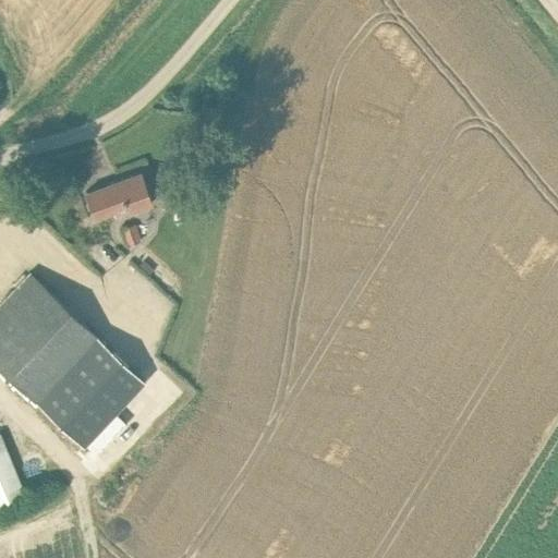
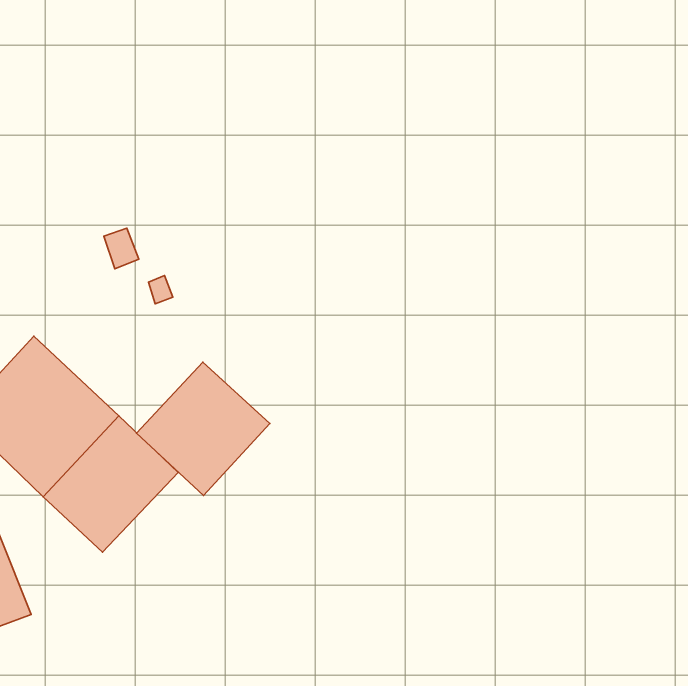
building: [102,174,150,218] -> none
building: none -> [137,362,270,496]

